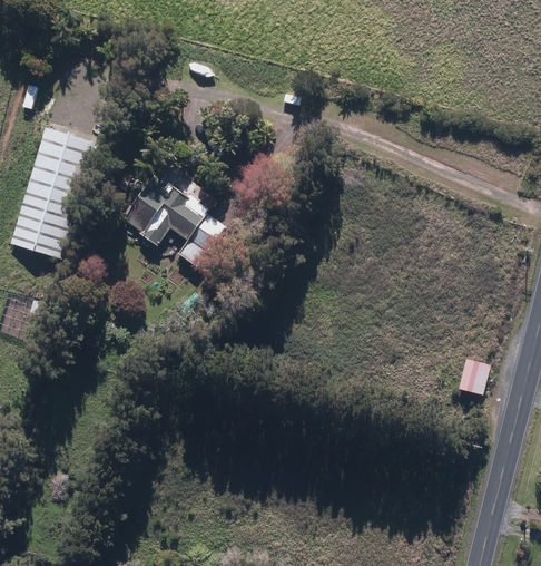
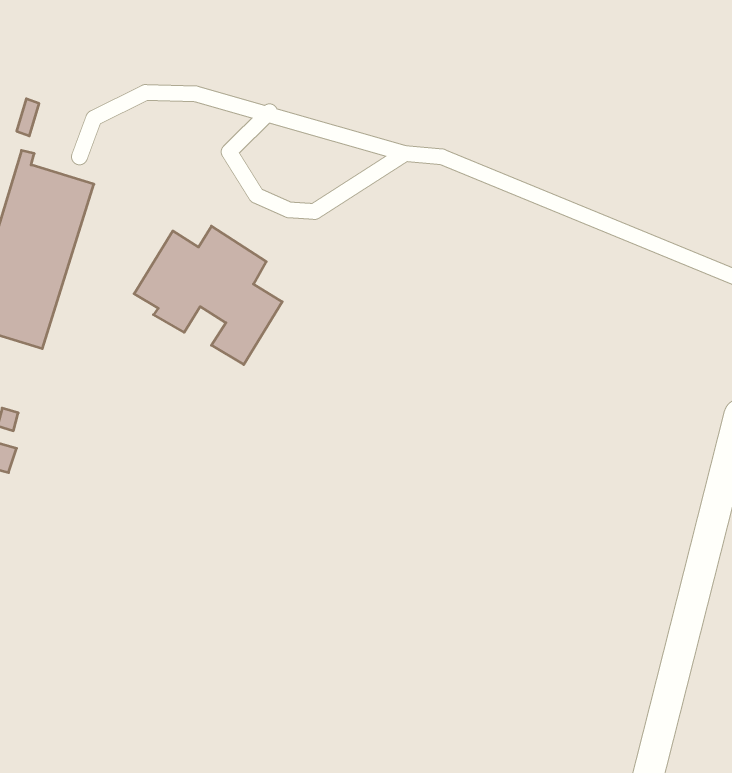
building: [456,359,489,396] -> none

